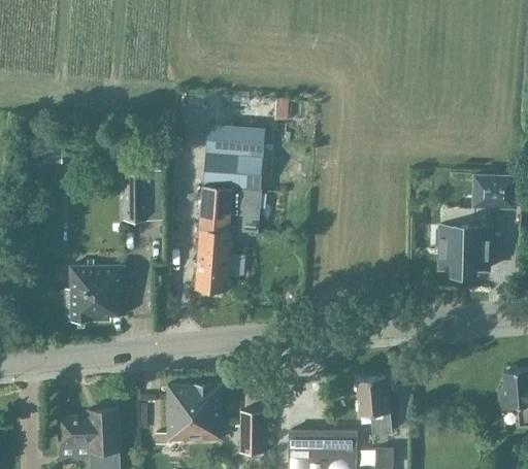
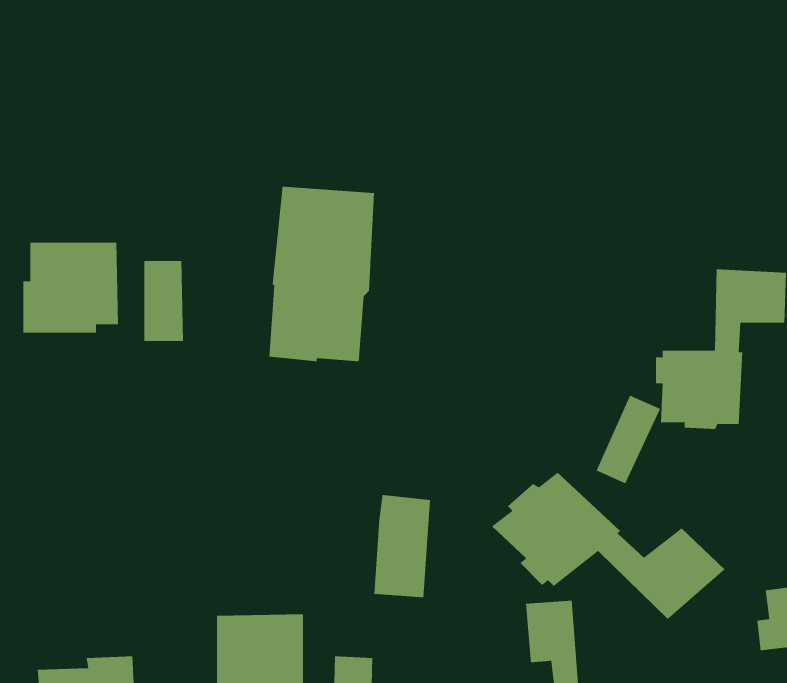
building: [195,229,230,292] -> [374,495,431,598]
building: none -> [596,395,661,484]
building: [66,265,125,321] -> [23,242,119,333]
building: none -> [491,472,725,620]

